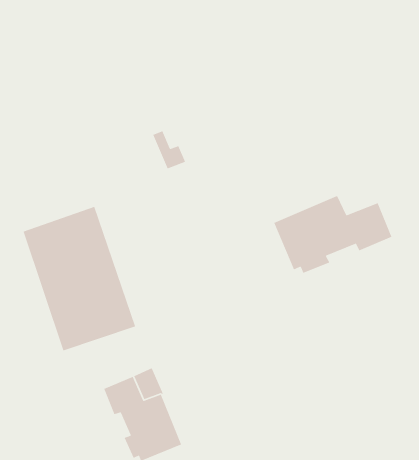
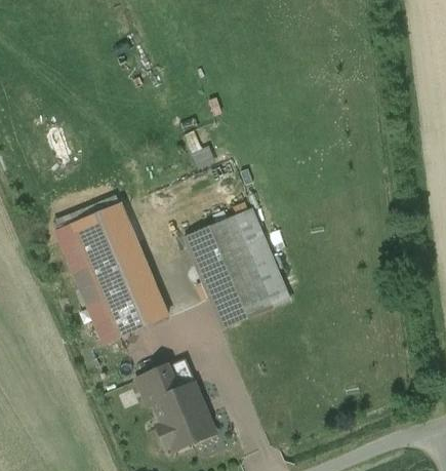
building: [273,196,392,274] -> none
building: none -> [183,207,288,327]

